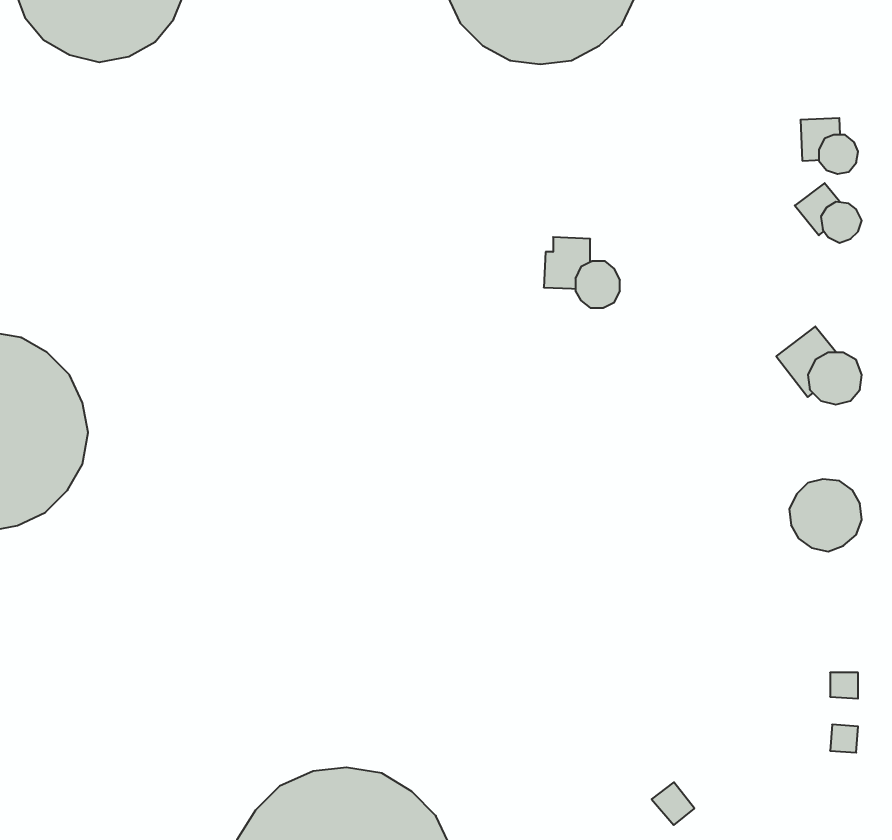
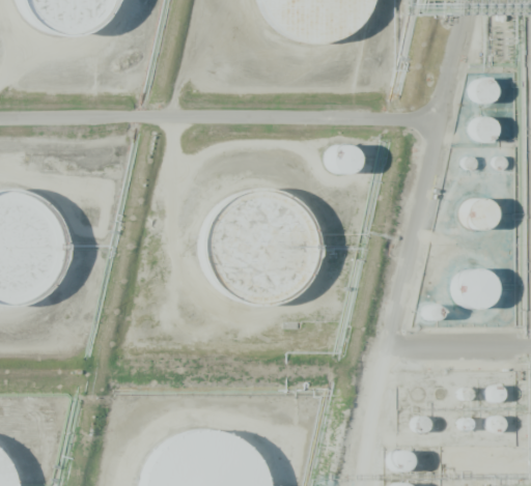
building: none -> [204,196,315,307]

